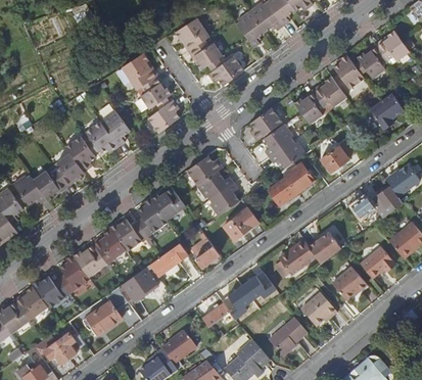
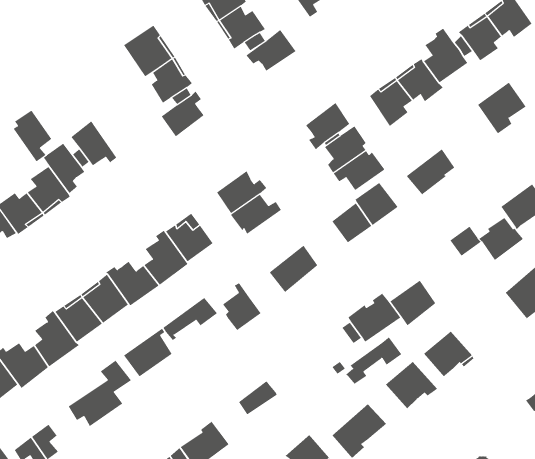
building: [101,108,129,145] -> [13,110,52,162]
building: [208,182,239,216] -> none
building: [361,246,395,278] -> none
building: [223,276,263,310] -> [345,337,402,385]

